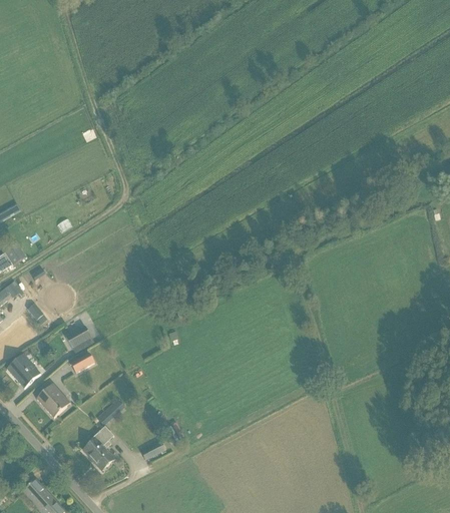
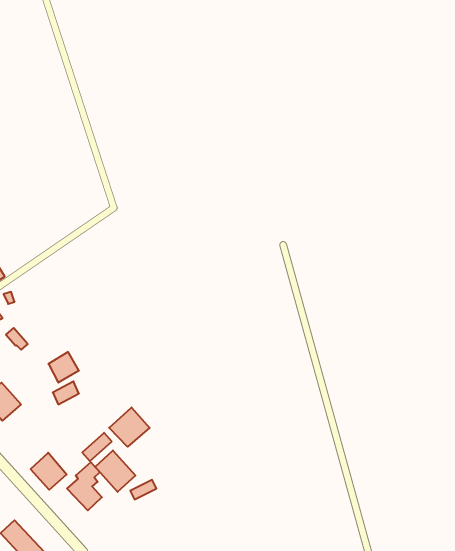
building: none -> [109,407,150,447]
building: [36,383,69,417] -> [31,453,67,490]
building: none -> [95,450,135,492]

